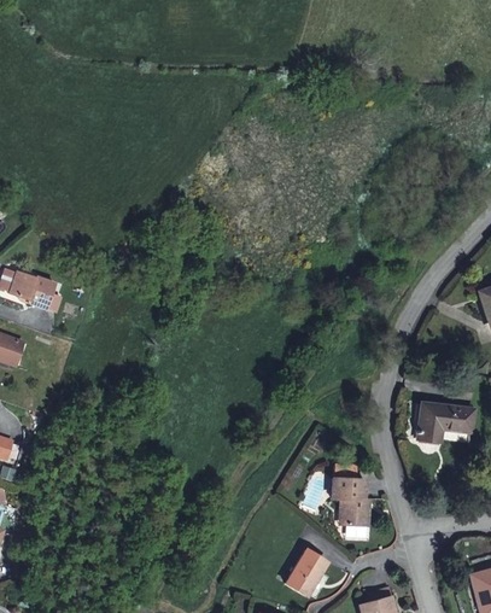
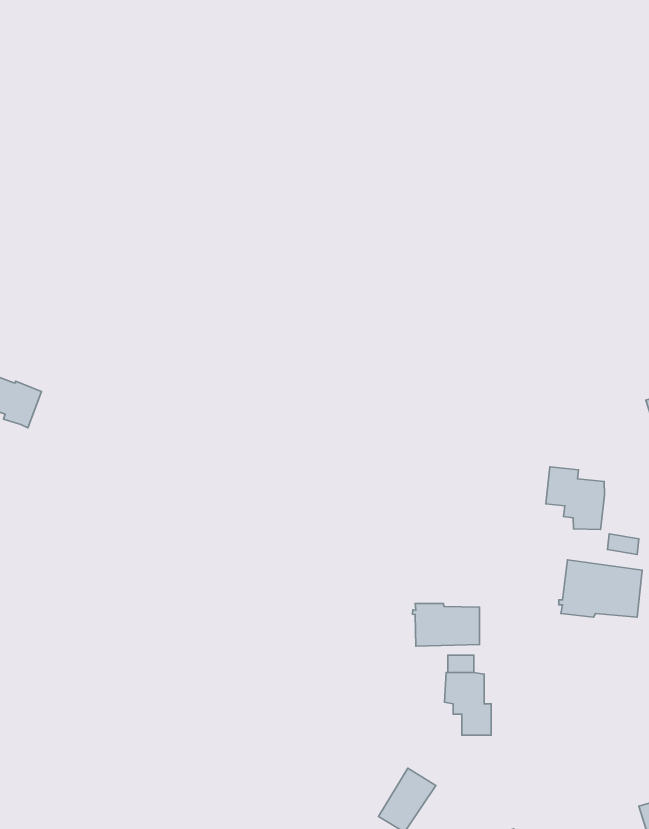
building: none -> [546,467,604,530]
building: none -> [412,603,480,646]

